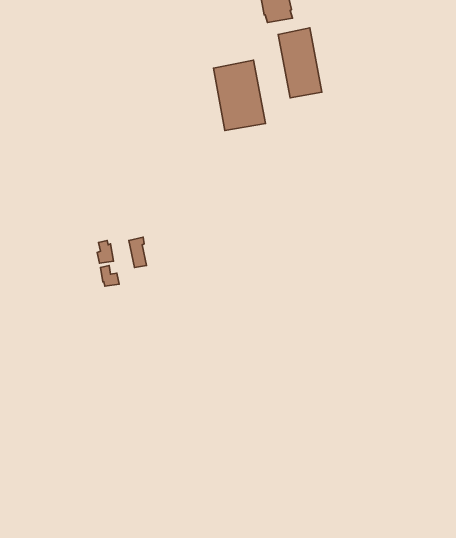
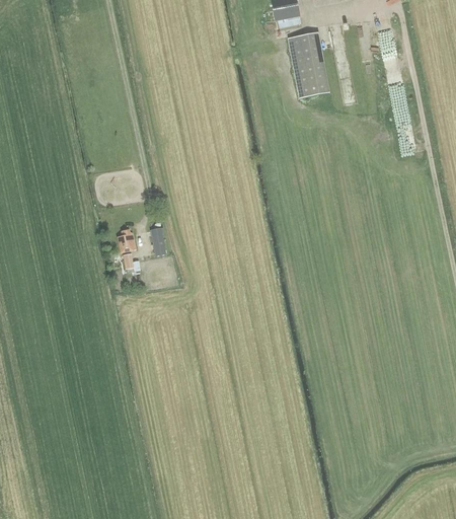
building: [213,60,265,130] -> none

